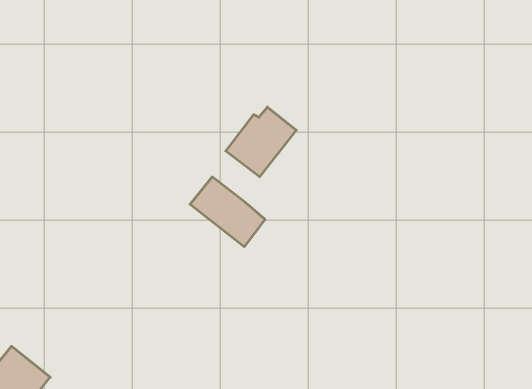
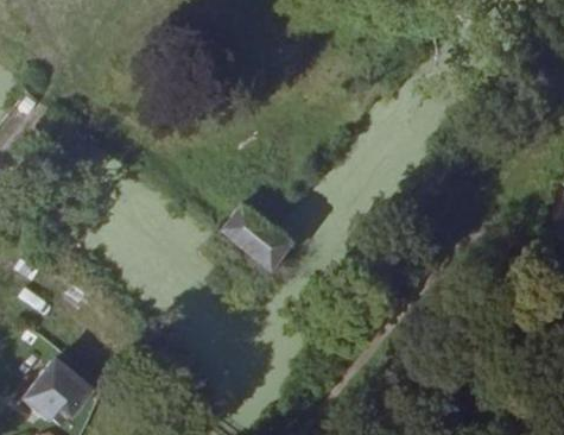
building: [226,107,296,177] -> none

